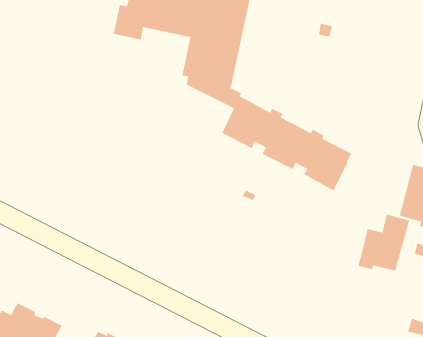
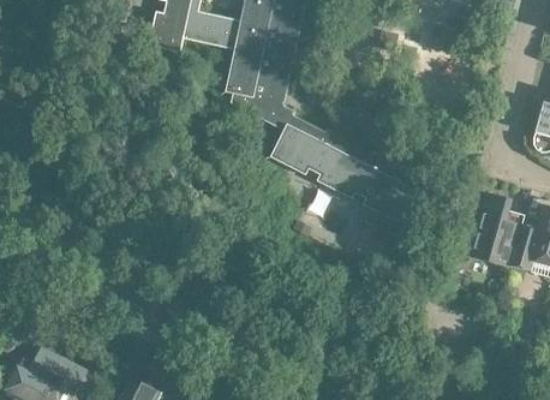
building: [357,214,410,271] -> none

